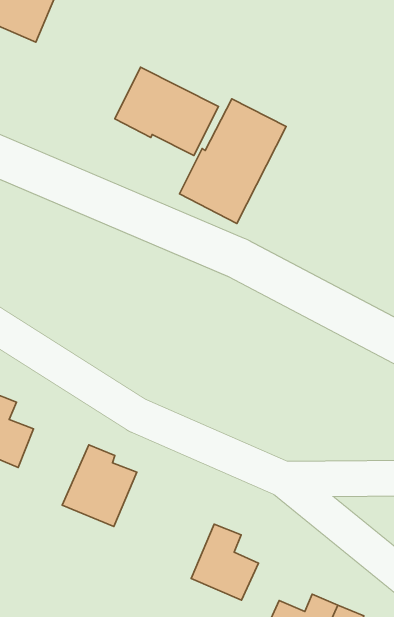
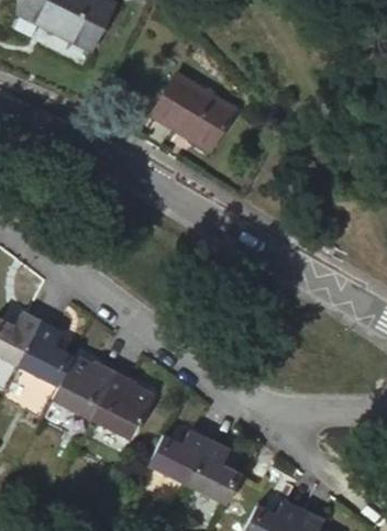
building: [180,99,286,223] -> none
building: none -> [51,356,114,418]
building: none -> [148,430,209,483]

